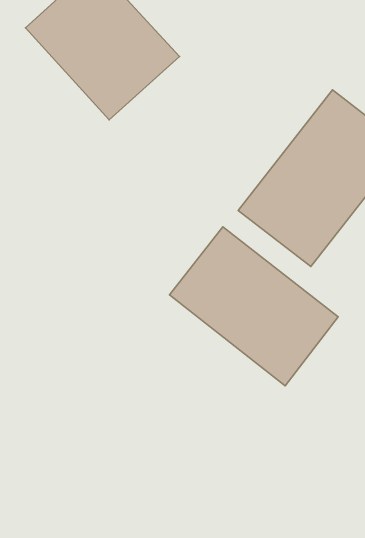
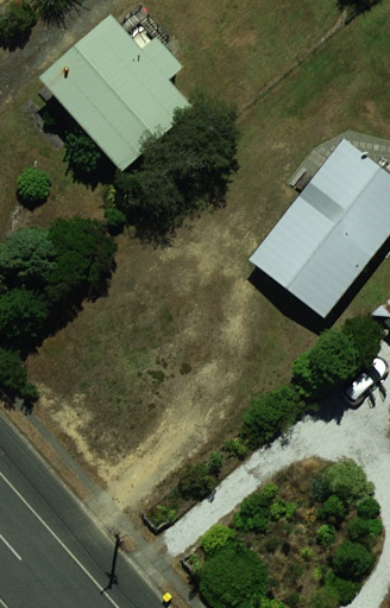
building: [170,227,338,386] -> none

